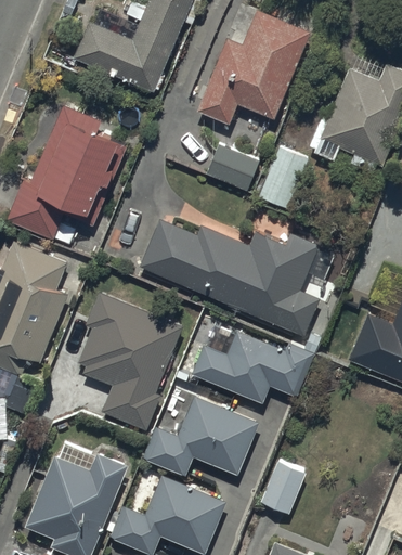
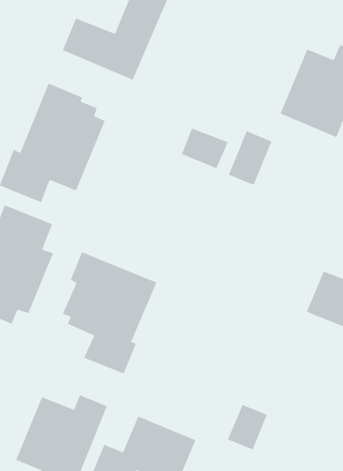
building: [199,21,312,134] -> none
building: [138,219,319,336] -> none
building: [190,330,313,403] -> none
building: [142,396,258,476] -> none

